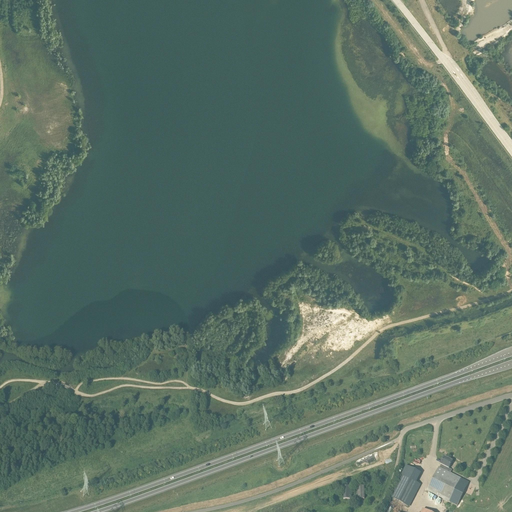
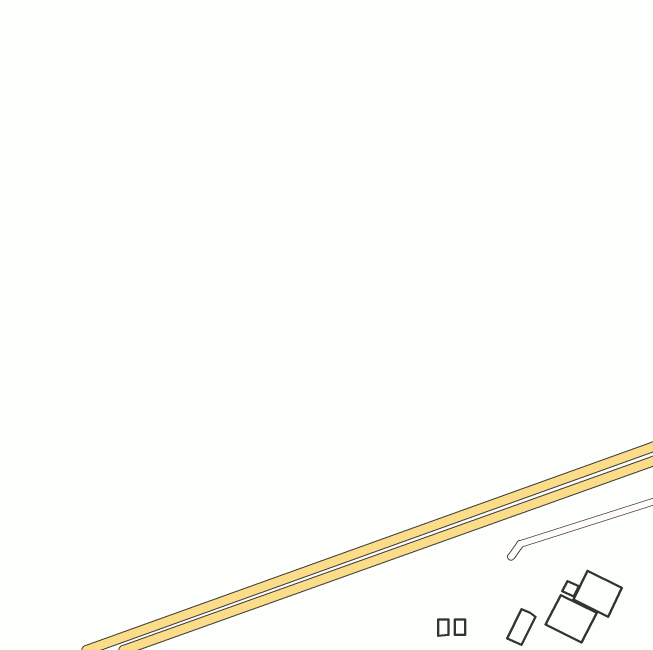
building: none -> [574,571,622,617]

